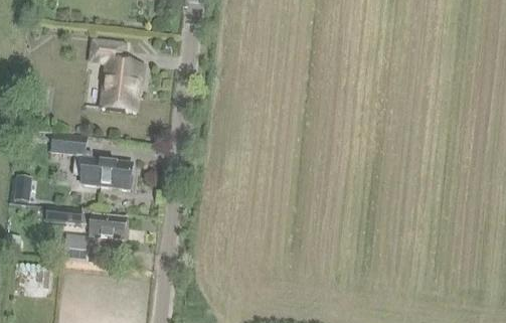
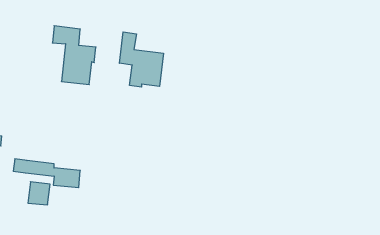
building: none -> [119,32,163,87]
building: [51,134,132,189] -> none

